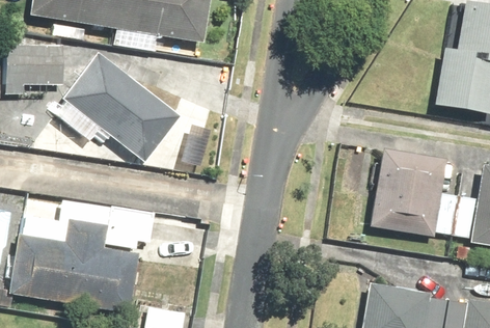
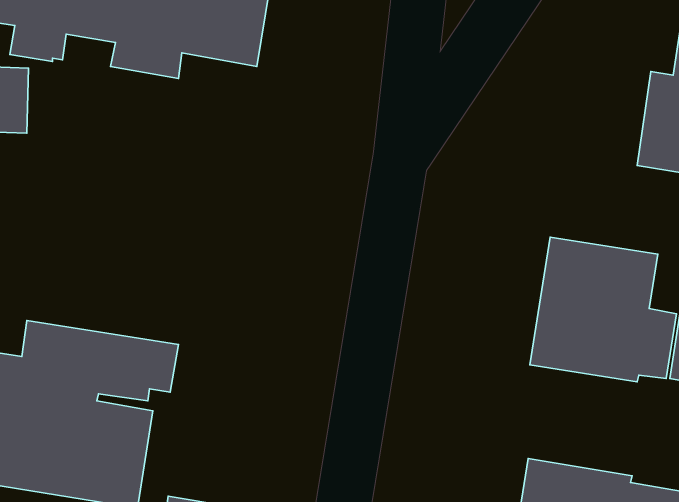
building: [56,51,181,162] -> none

